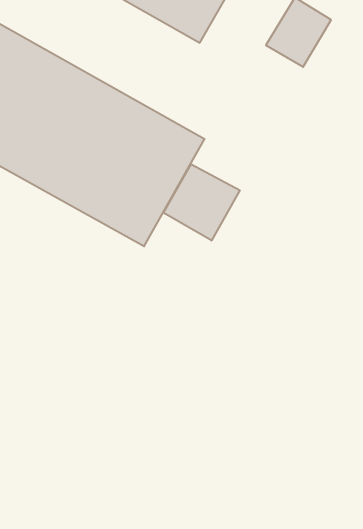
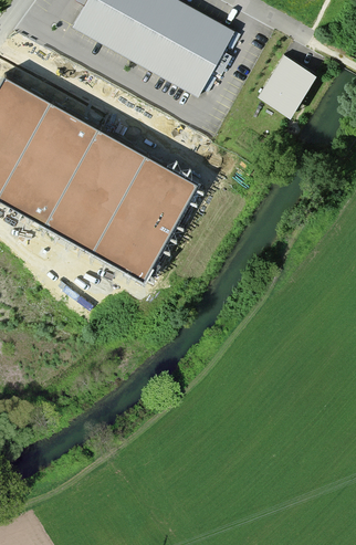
building: [163,164,240,241] -> none

